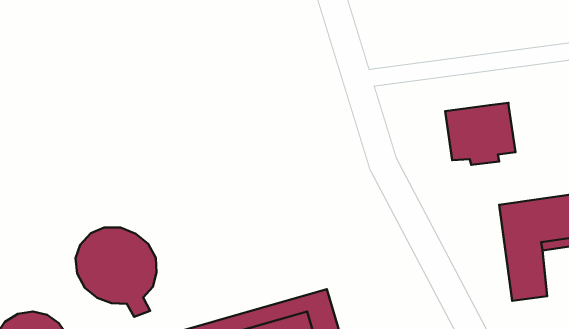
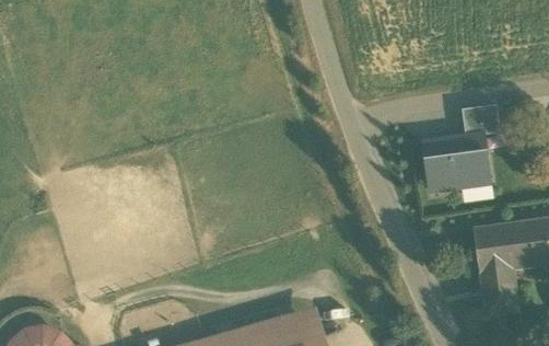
building: none -> [463,104,501,135]
building: [76,227,157,317] -> none

